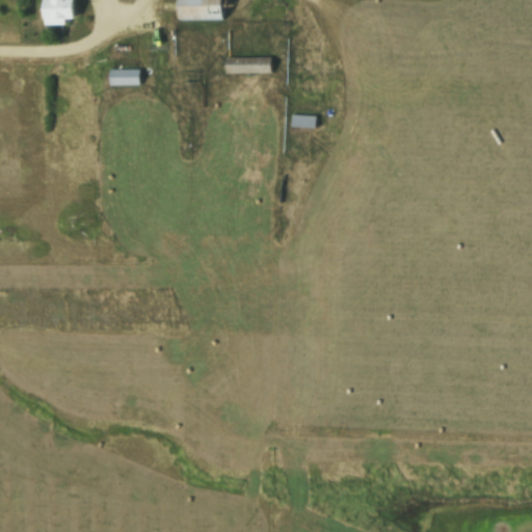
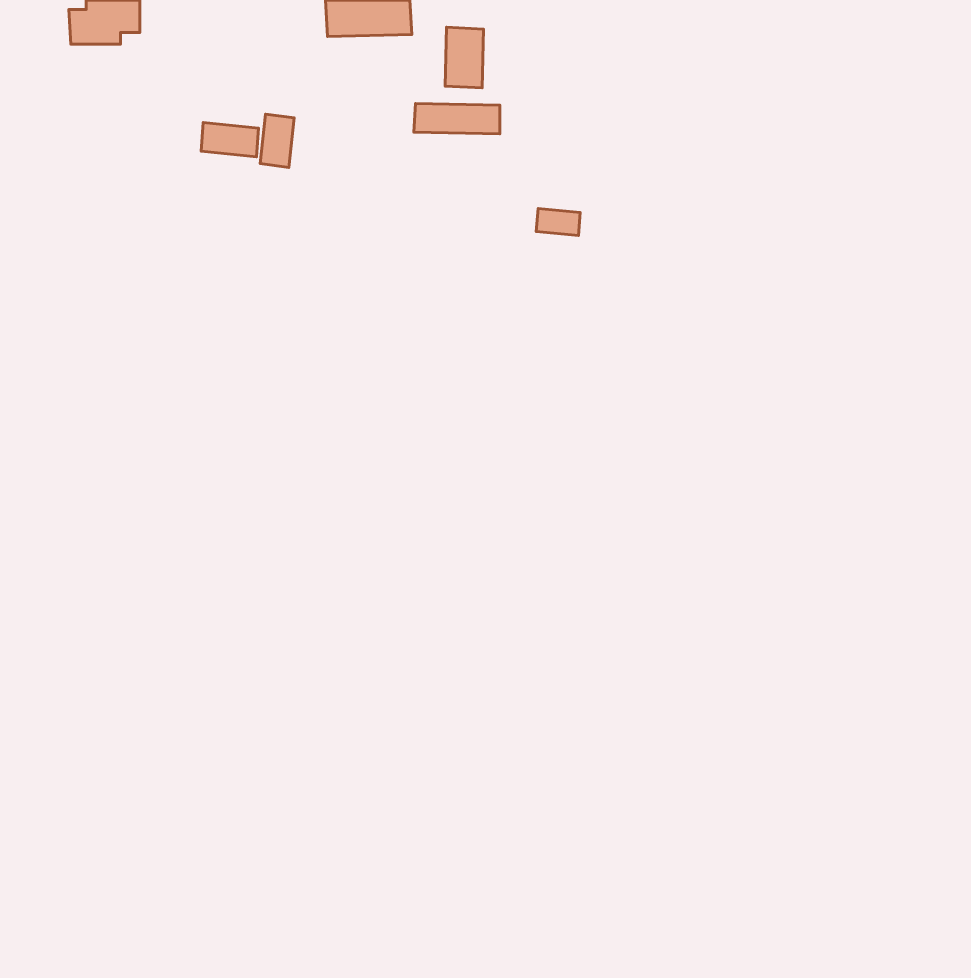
building: none -> [445,27,483,88]
building: none -> [260,114,294,167]

